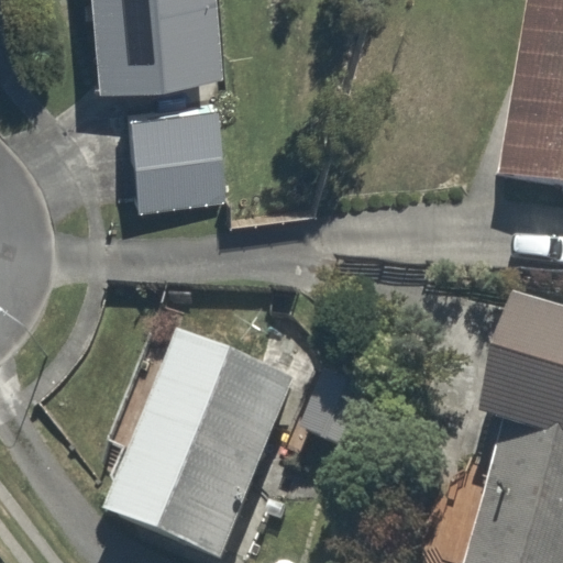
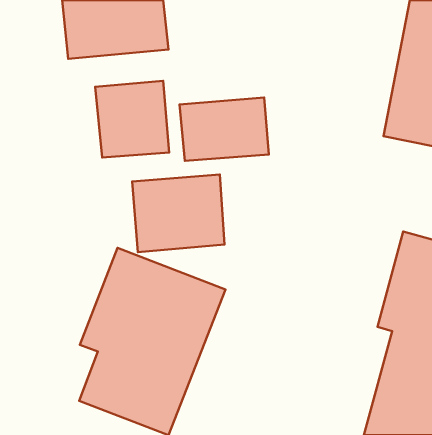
building: none -> [179,98,269,161]
building: none -> [132,174,224,252]

